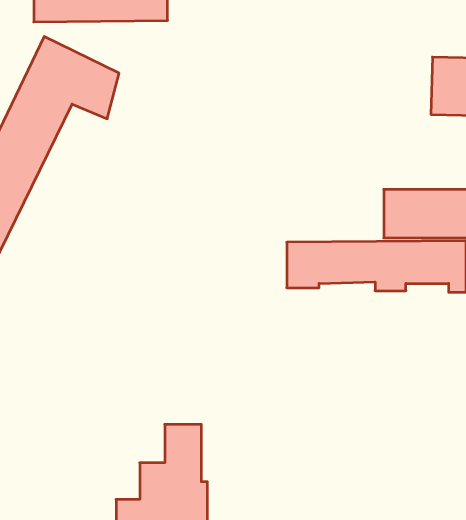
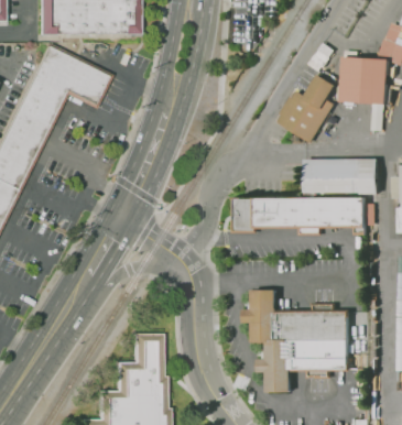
building: none -> [275,75,334,144]
building: none -> [248,290,357,393]

